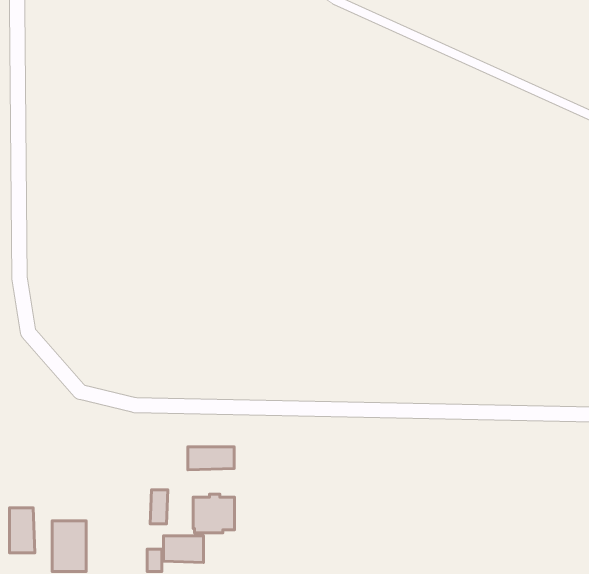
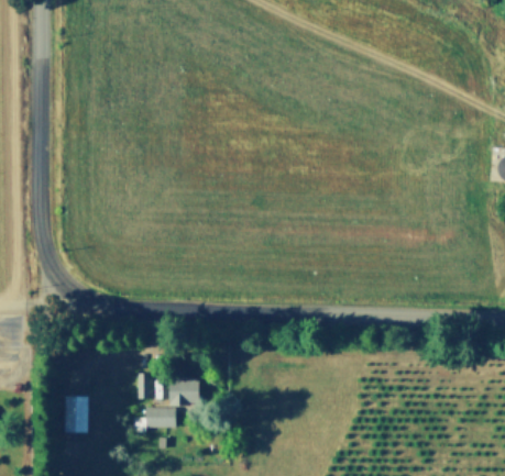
building: [188,447,234,470] -> none
building: [9,508,35,553] -> none

